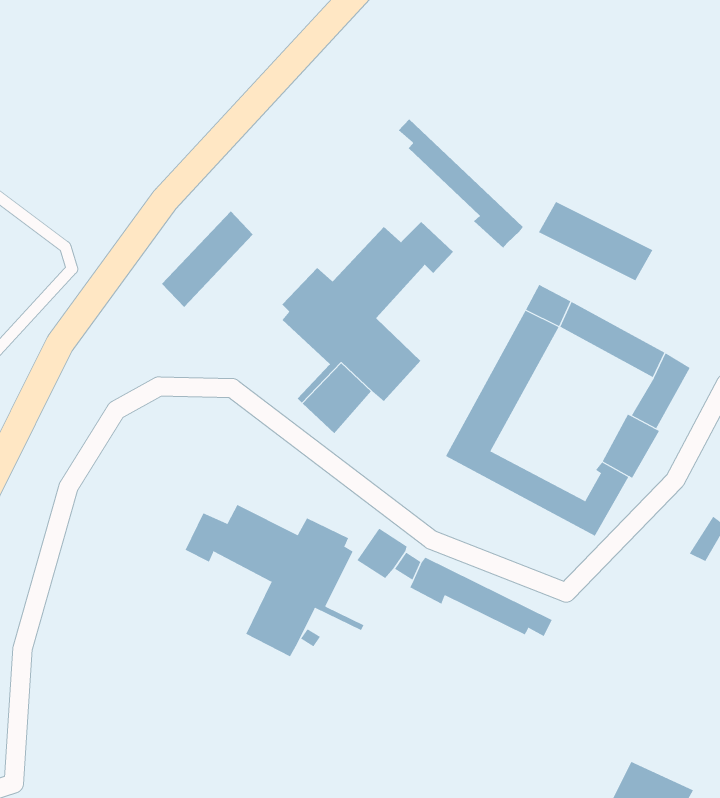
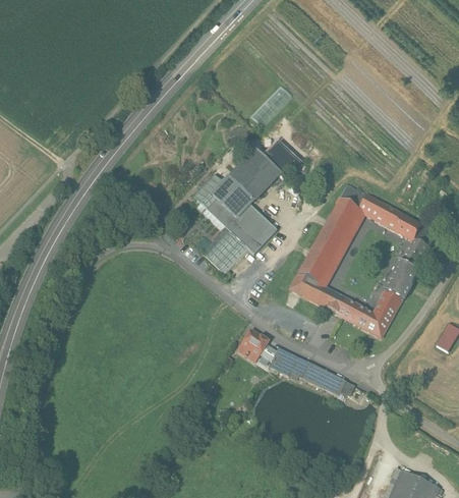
building: [398,118,523,248] -> none
building: [538,201,653,281] -> none
building: [161,210,254,308] -> none
building: [185,504,364,657] -> none

